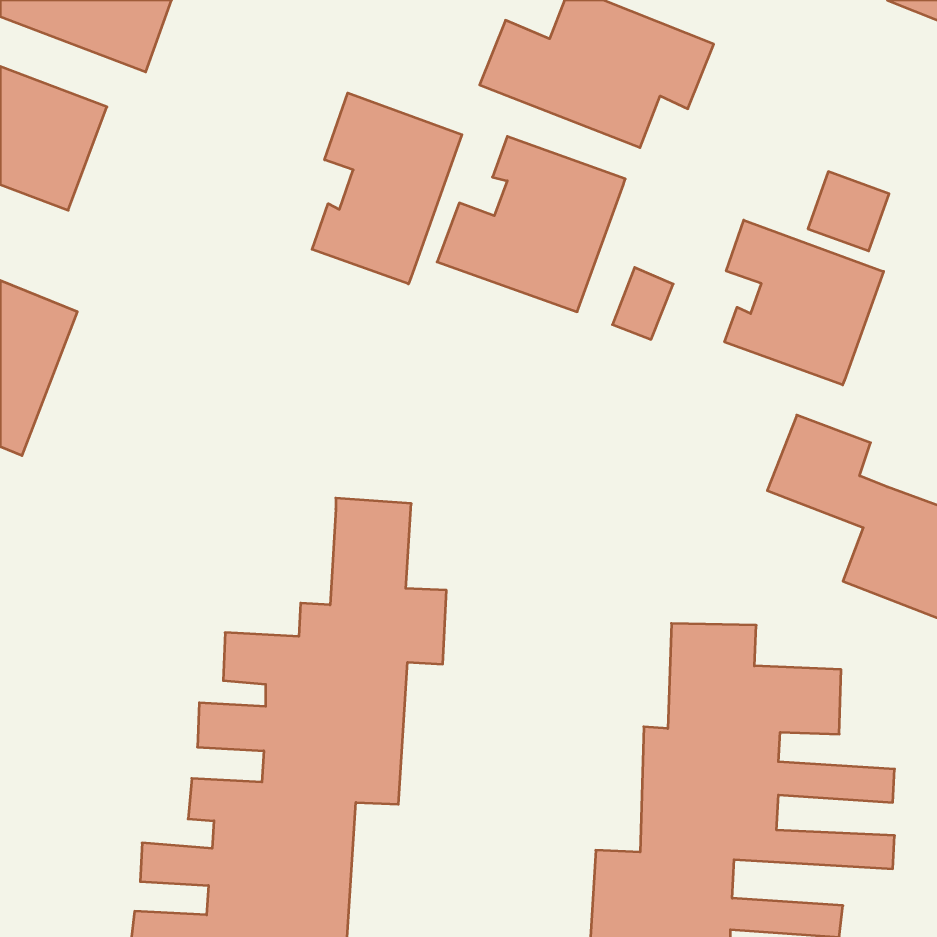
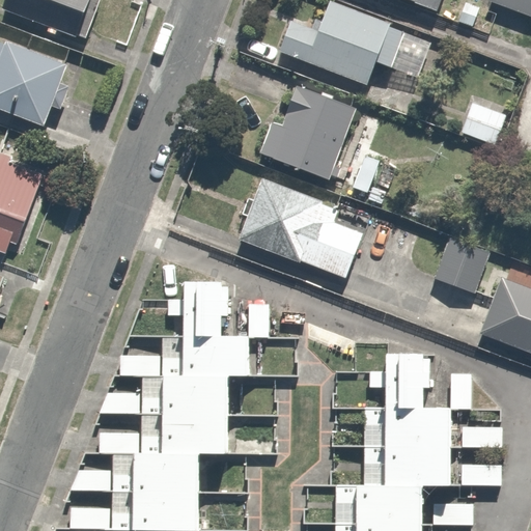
building: [312,93,462,284] -> none
building: [725,220,884,385] -> none
building: none -> [236,176,362,277]

